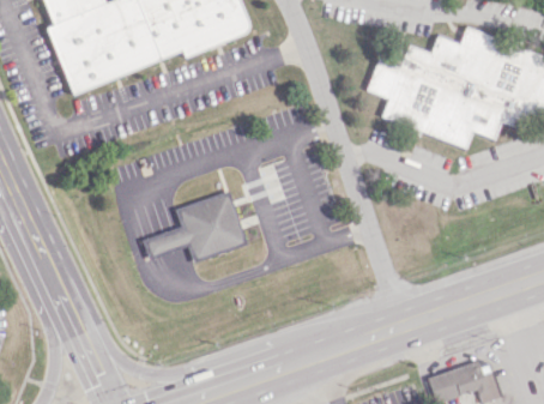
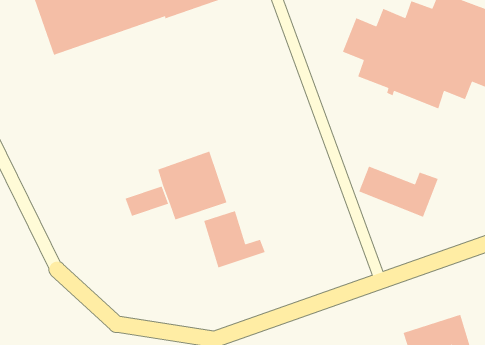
building: none -> [358,166,439,218]
building: none -> [203,210,266,269]

